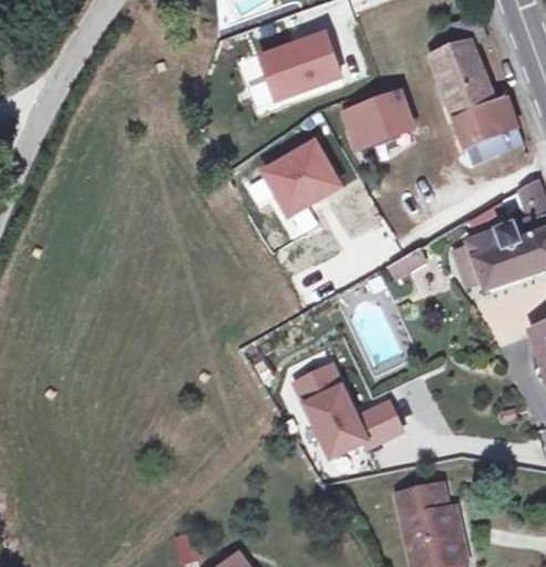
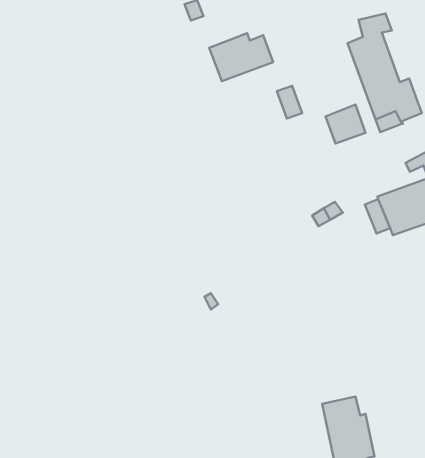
building: [363,91,412,138] -> [326,105,365,144]
building: [265,143,340,214] -> none
building: [293,364,399,454] -> none

